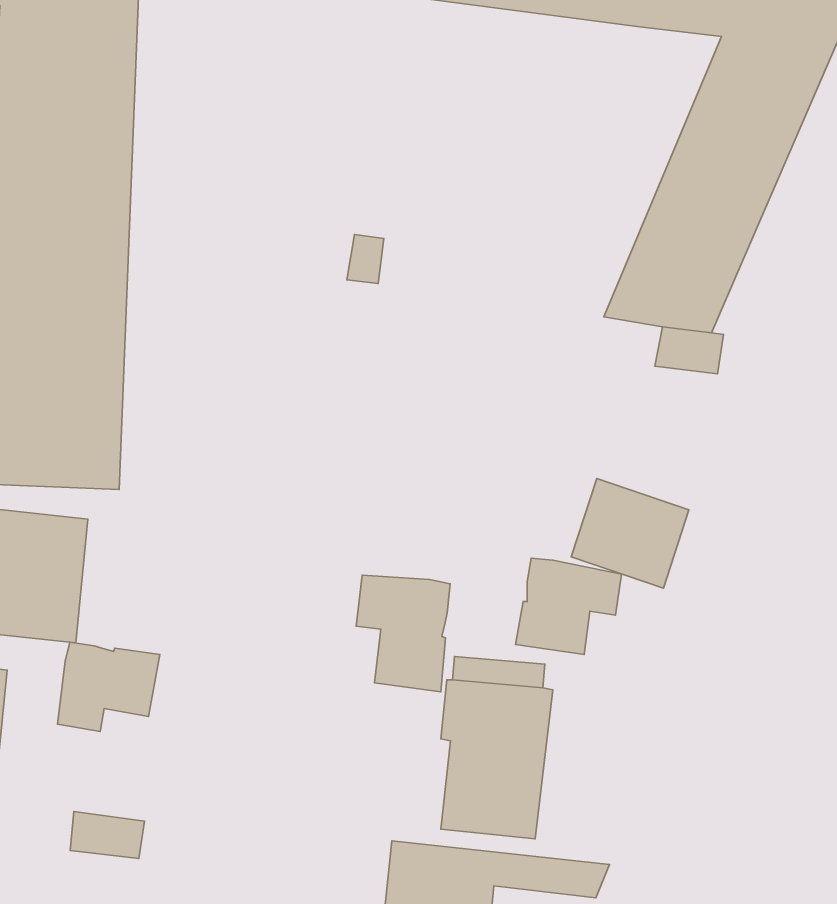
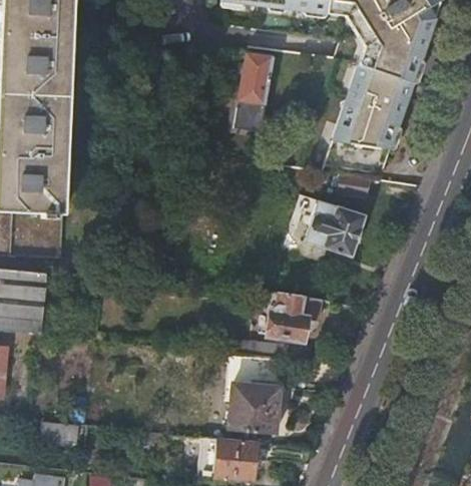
building: none -> [233,52,277,130]
building: [571,478,689,588] -> [306,200,366,257]
building: [356,575,450,692] -> none
building: [58,642,160,731] -> none

